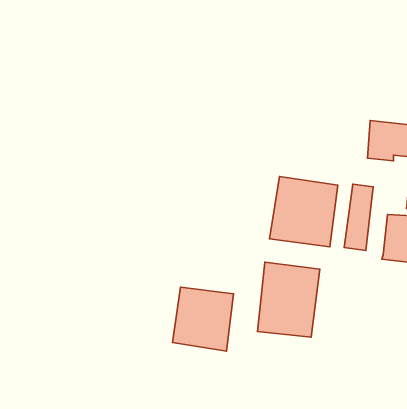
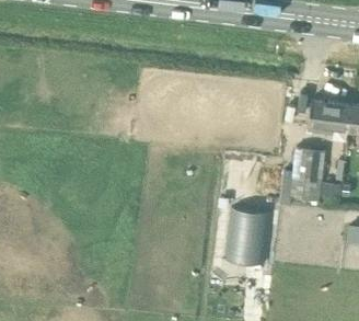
building: [269,176,338,247] -> none
building: [172,287,234,351] -> none

